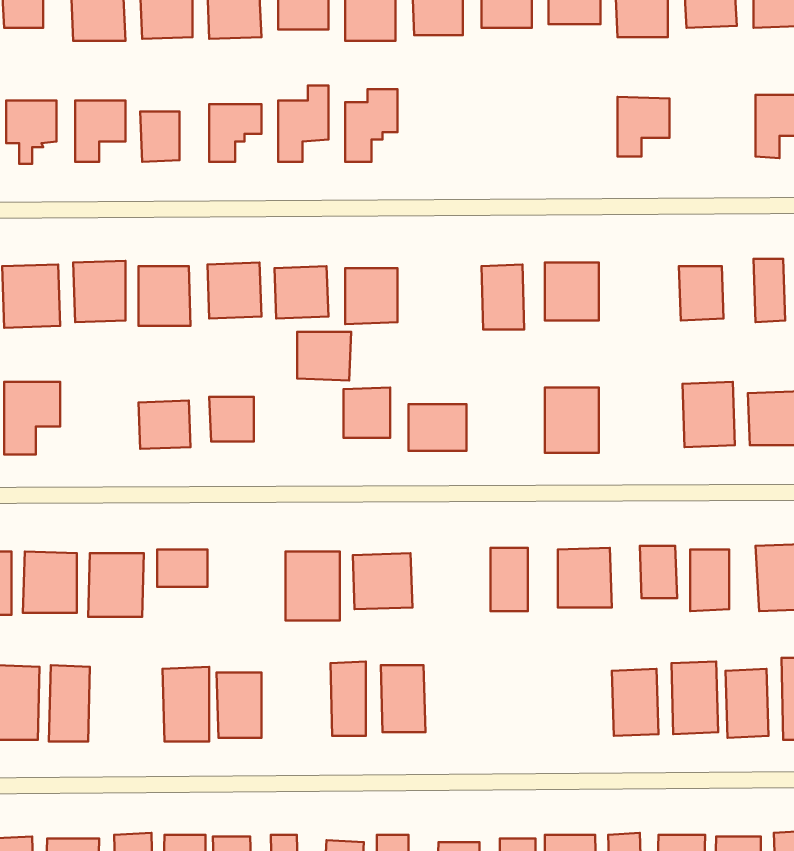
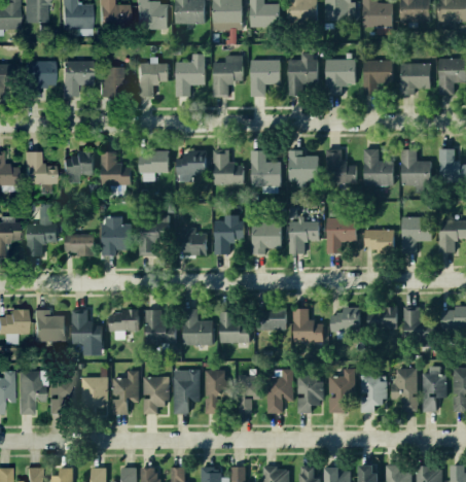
building: none -> [289,51,318,94]
building: none -> [252,59,280,94]
building: none -> [327,59,355,94]
building: none -> [402,63,430,93]
building: none -> [362,151,388,187]
building: none -> [248,152,281,187]
building: [297,332,351,380] -> [176,226,206,252]
building: none -> [286,220,320,256]
building: none -> [362,229,390,260]
building: none -> [66,233,93,254]
building: none -> [255,309,287,338]
building: none -> [144,311,174,346]
building: none -> [175,370,200,416]
building: none -> [82,376,107,416]
building: none -> [265,376,286,414]
building: none -> [329,377,348,413]
building: none -> [297,378,323,413]

